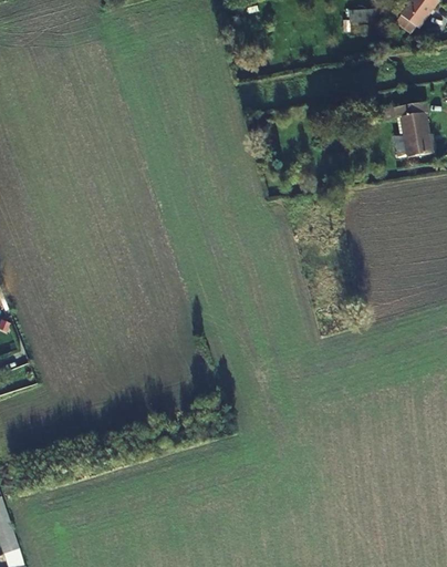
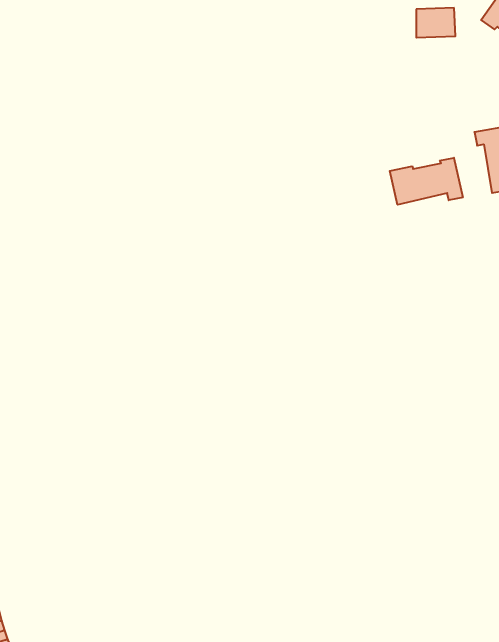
building: none -> [390,158,463,205]

